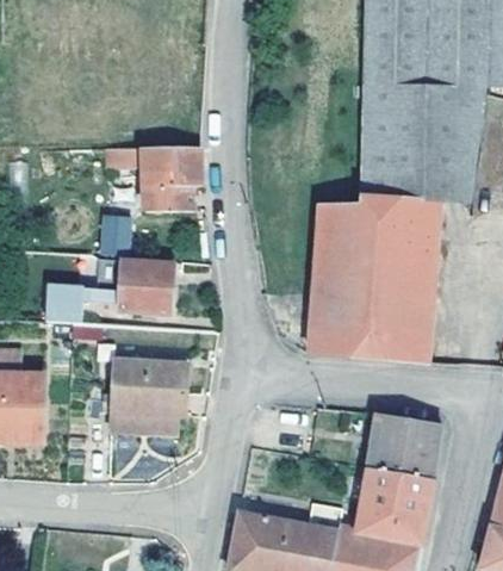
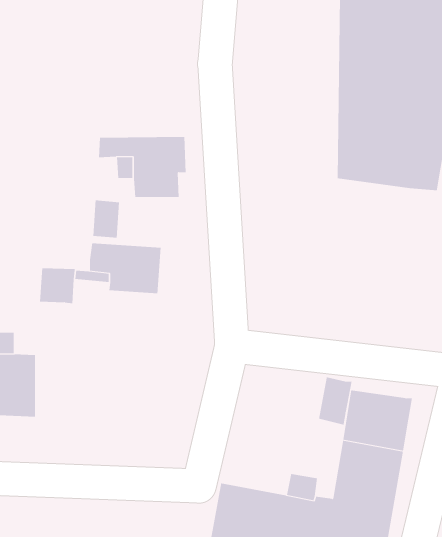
building: [309,191,437,361] -> none
building: [103,360,191,434] -> none
building: none -> [319,377,352,425]

